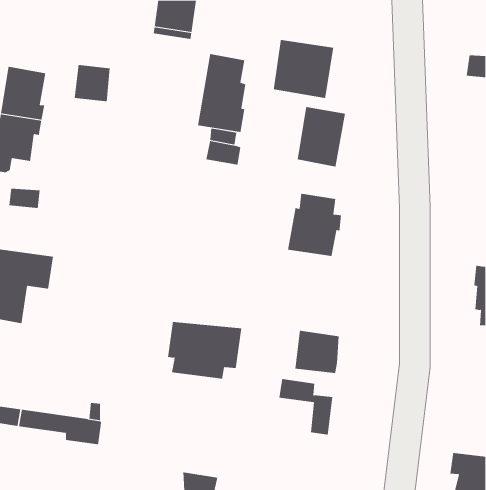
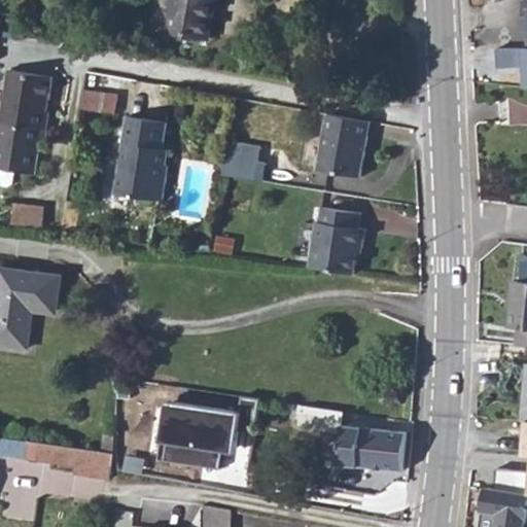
building: [273,39,334,99] -> none
building: [197,54,246,132] -> [113,116,166,201]
building: [167,322,242,379] -> [151,407,232,468]
building: [294,330,340,374] -> [352,426,400,472]

